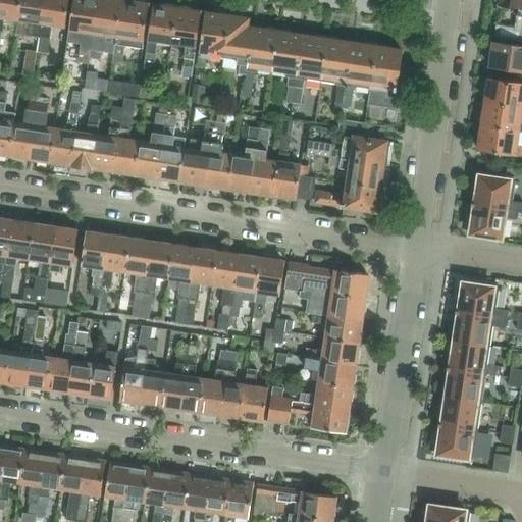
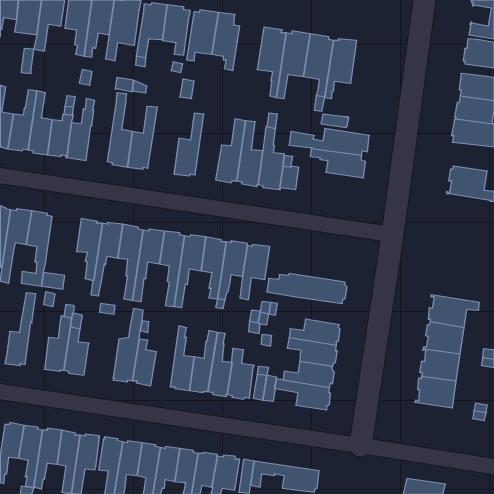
building: [243,25,278,98] -> none
building: [367,43,402,109] -> none
building: [91,106,122,172] -> none
building: [156,113,184,182] -> none
building: [206,120,233,190] -> none
building: [316,181,383,213] -> none
building: [467,204,517,240] -> none
building: [49,226,77,272] -> none
building: [283,263,368,298] -> none
building: [455,280,508,319] -> none
building: [311,313,362,343] -> none
building: [27,340,51,389] -> none
building: [159,343,189,409] -> none
building: [89,350,117,399] -> none
building: [434,424,477,460] -> none

